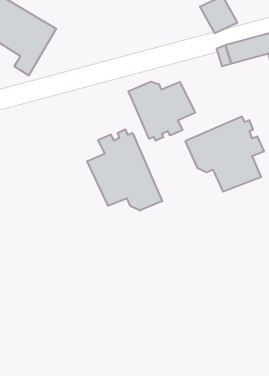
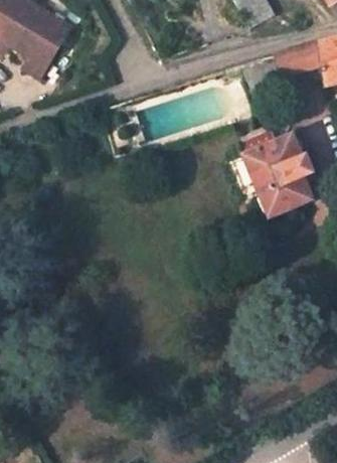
building: [128,82,195,141] -> none
building: [87,129,162,211] -> none

